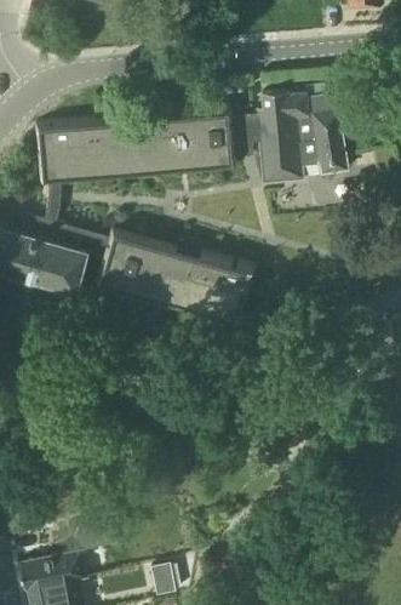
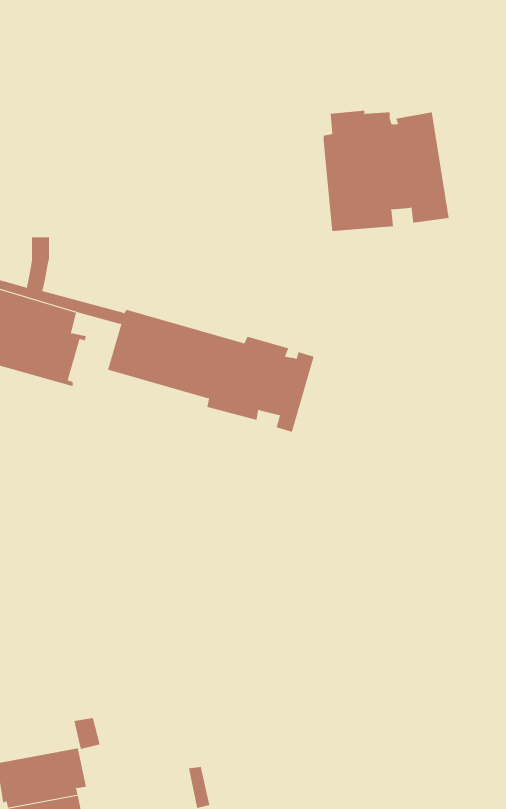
building: [38,115,258,186] -> none

